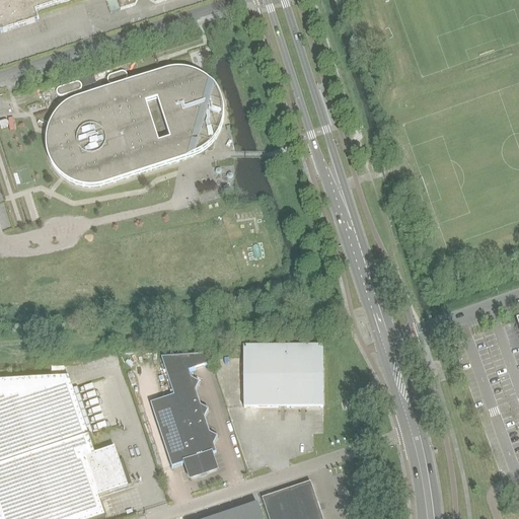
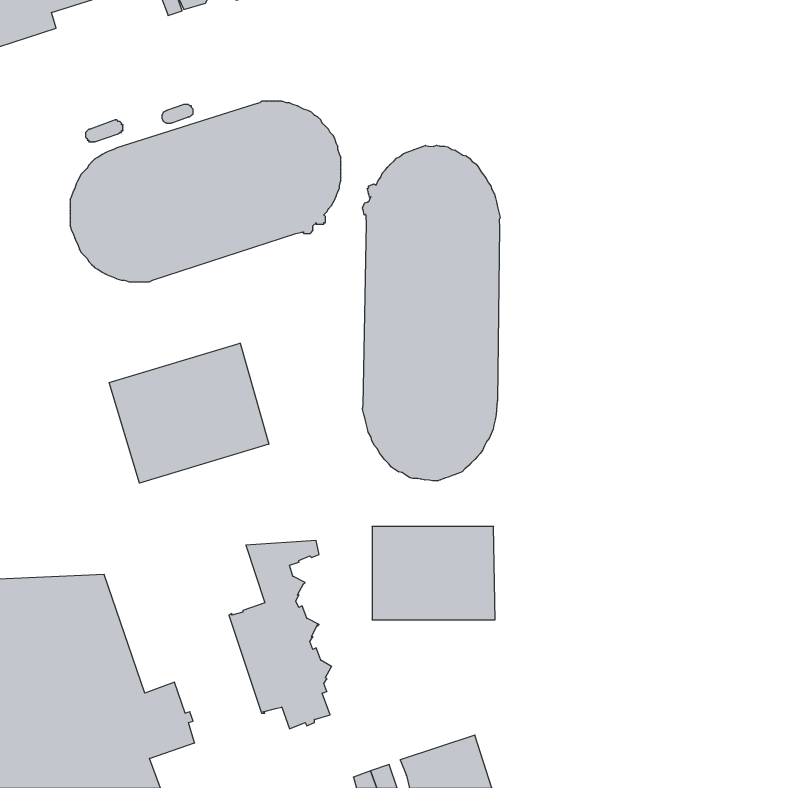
building: none -> [363,145,500,481]
building: none -> [109,343,269,483]

